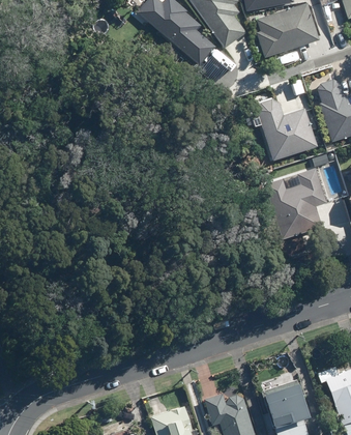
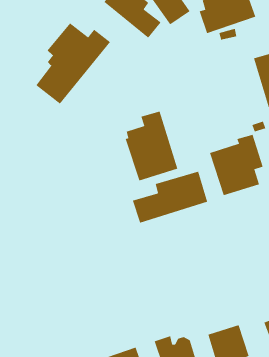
building: none -> [36,22,111,105]
building: [254,81,313,158] -> [125,111,178,181]
building: none -> [132,171,208,224]

